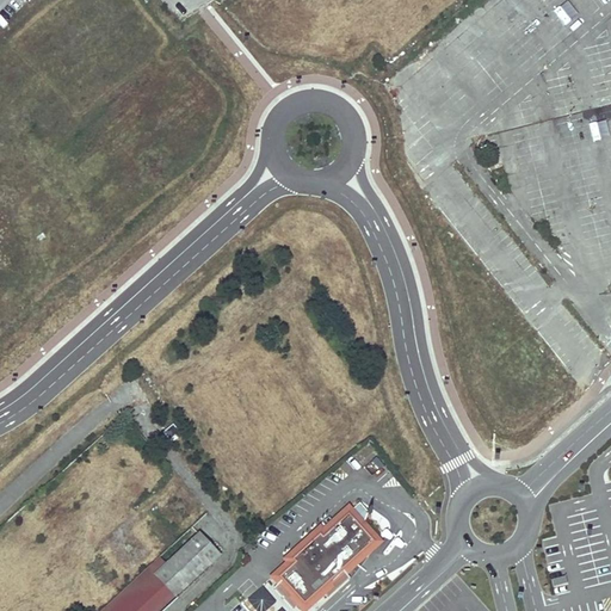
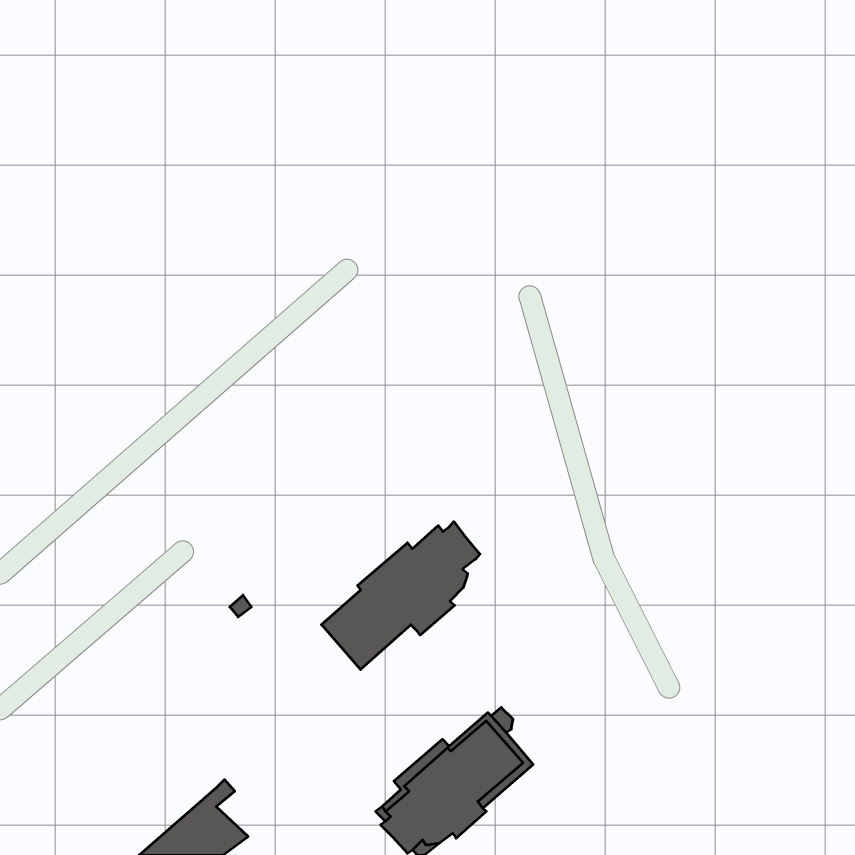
building: none -> [321,522,480,670]
building: [155,533,220,595] -> none

